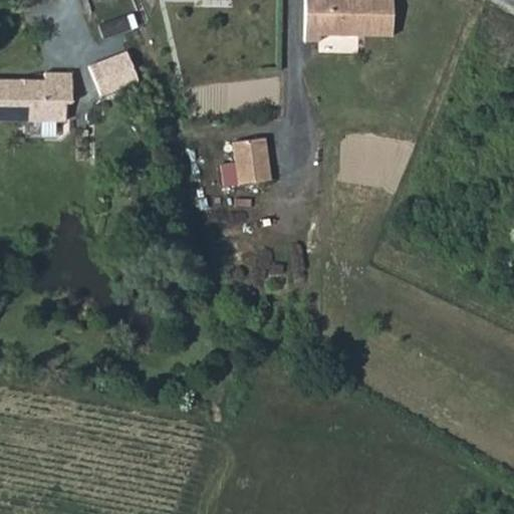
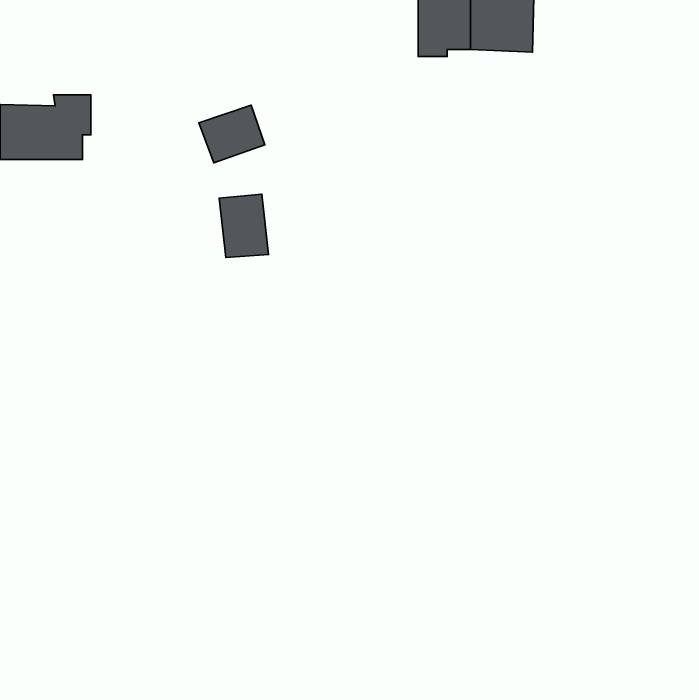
building: [88,51,137,93] -> [199,105,265,163]
building: [234,140,270,186] -> [219,194,269,257]

